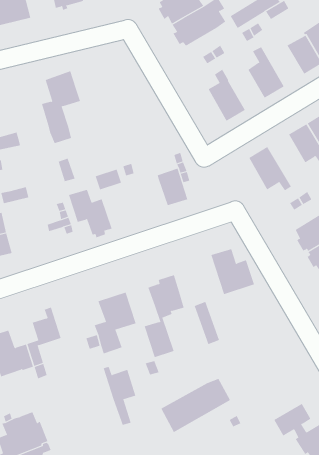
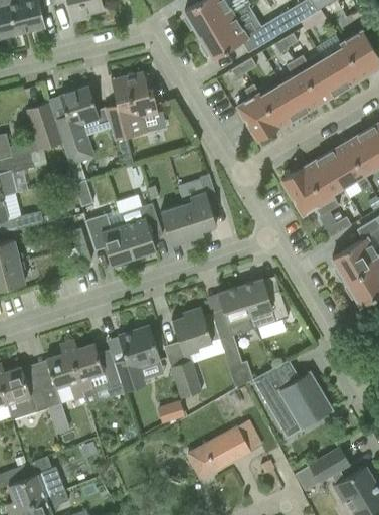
building: none -> [296,53,342,103]
building: none -> [106,72,158,139]
building: none -> [260,84,299,128]
building: none -> [26,102,63,150]
building: none -> [303,155,343,211]
building: none -> [160,203,194,245]
building: none -> [123,217,156,258]
building: none -> [211,286,254,340]
building: none -> [252,360,332,426]
building: [103,366,136,426] -> [67,340,104,404]

